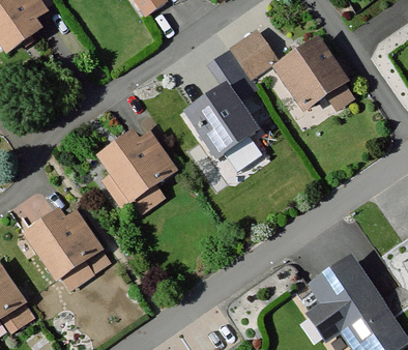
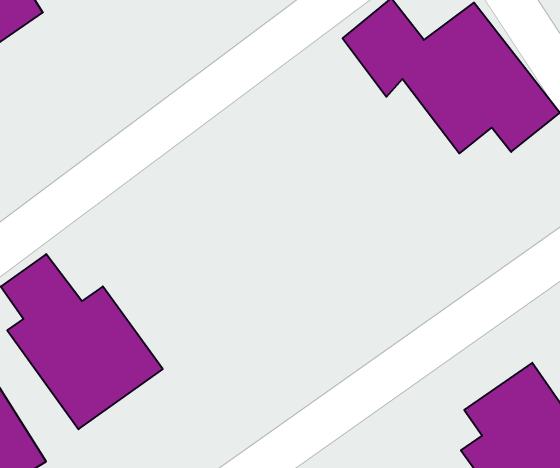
building: [181,48,258,162] -> none
building: [93,130,174,215] -> none

